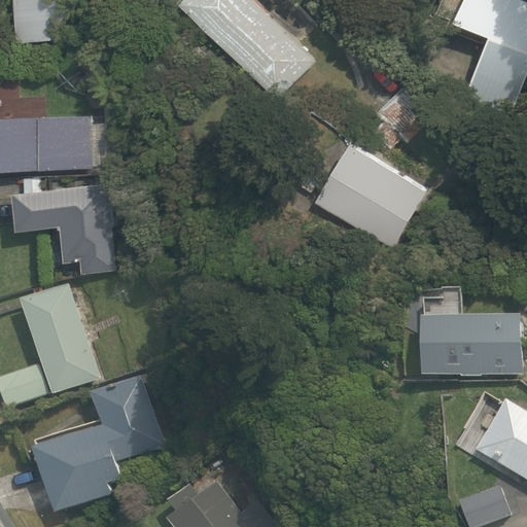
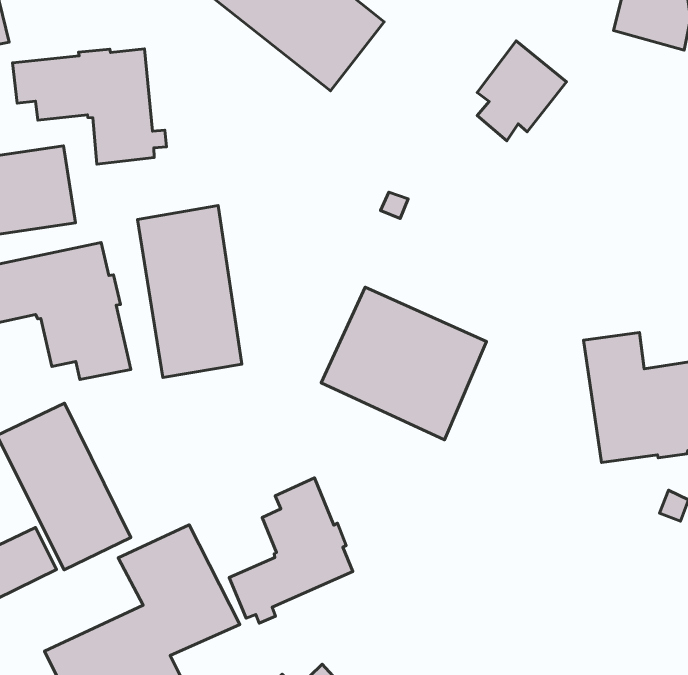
building: none -> [12,49,166,164]
building: [313,140,427,249] -> [321,287,487,440]
building: none -> [138,205,242,377]
building: none -> [229,478,353,623]

